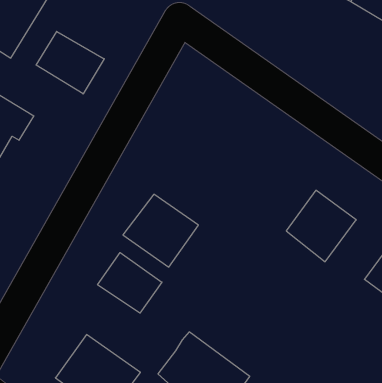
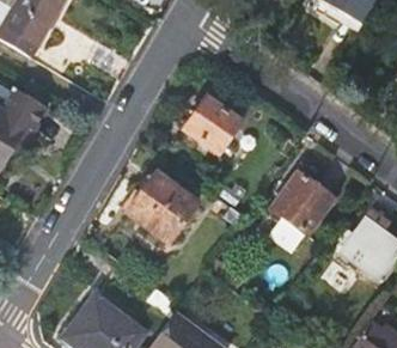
building: [36,31,104,94] -> none
building: none -> [181,97,240,154]
building: [98,253,162,313] -> none

